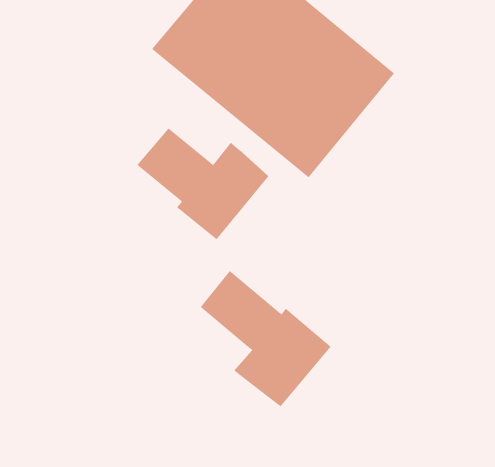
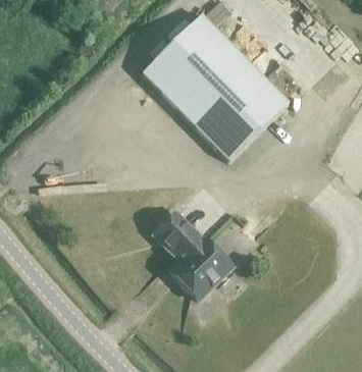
building: [136,127,269,240] -> none

